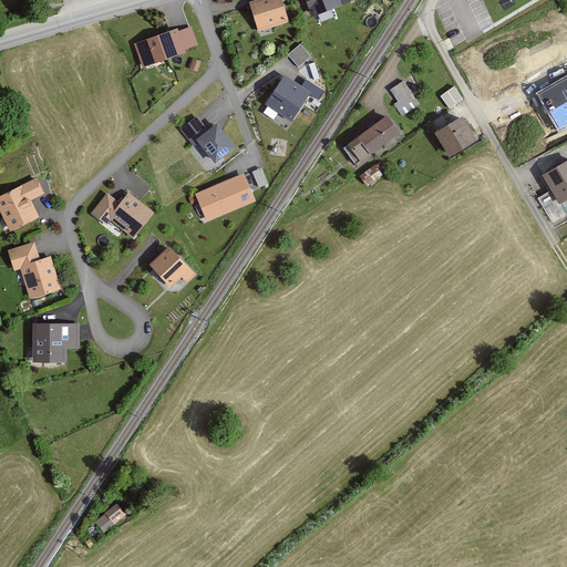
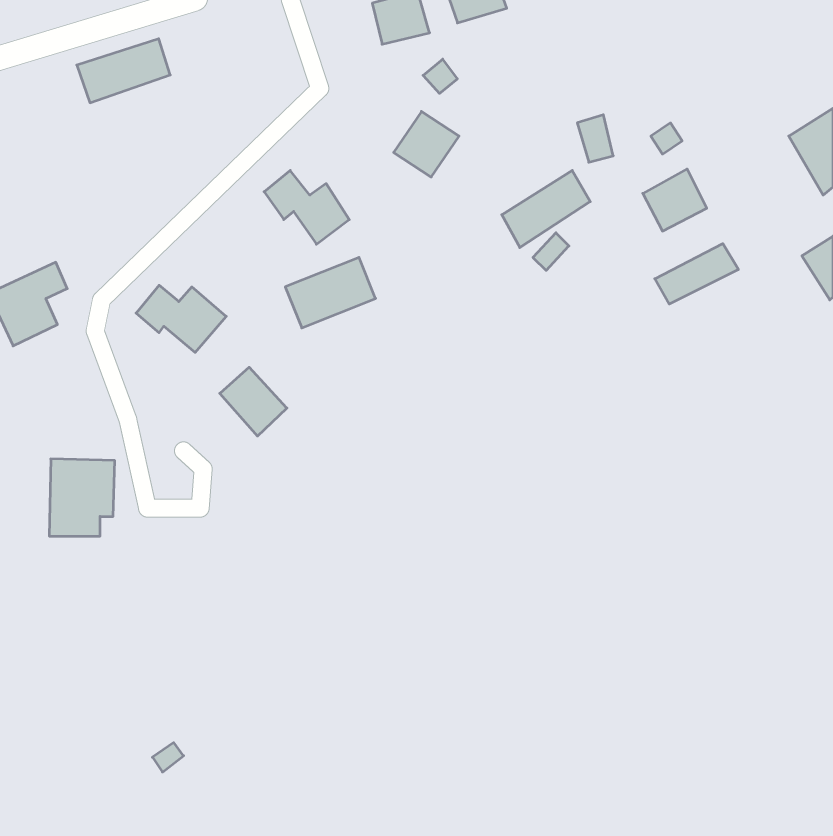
building: [134,24,197,68] -> [77,39,170,103]
building: none -> [655,244,738,304]
building: [7,244,60,300] -> none

